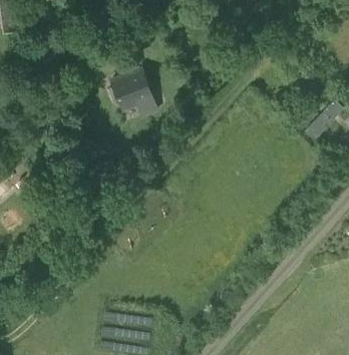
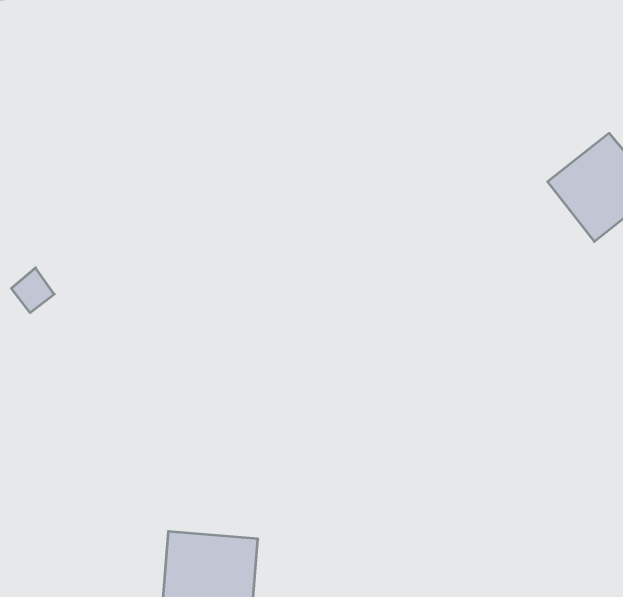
building: [110,72,154,111] -> none

